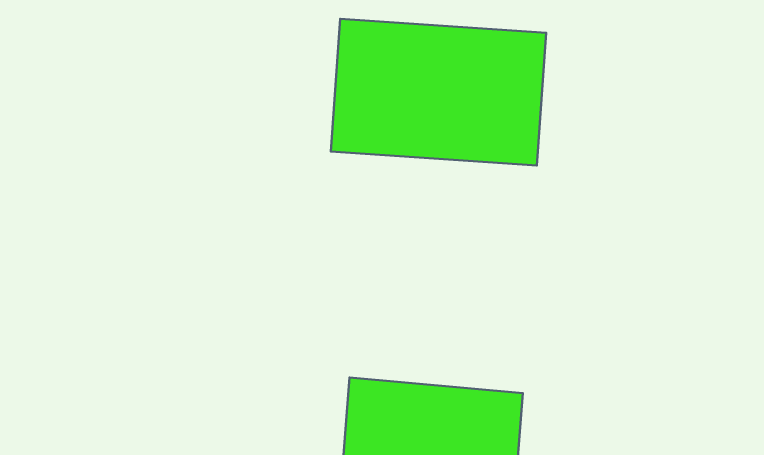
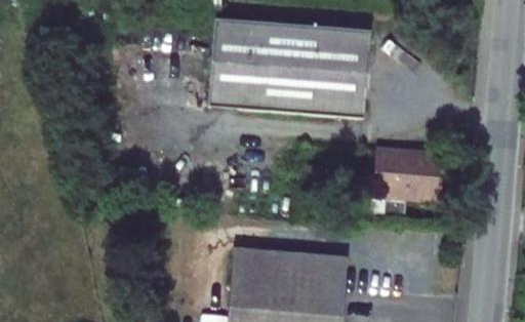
building: none -> [385,142,455,196]

